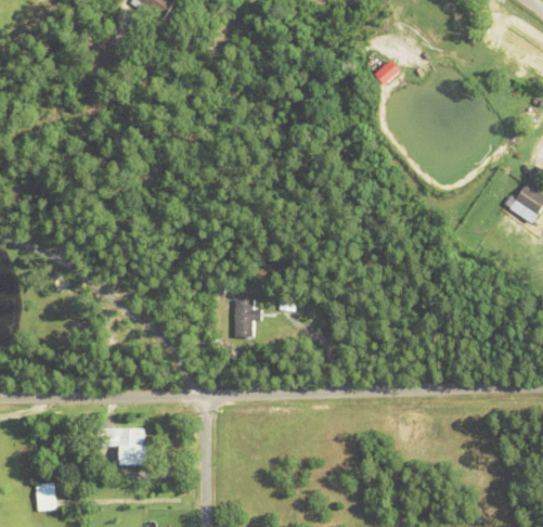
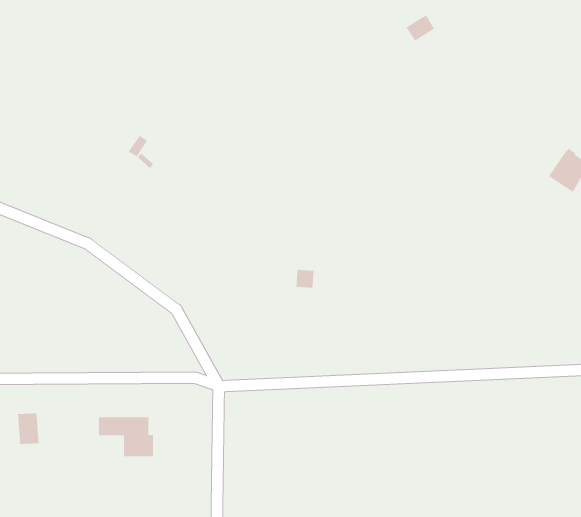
building: [233,298,259,336] -> none
building: [34,481,54,511] -> [17,413,39,445]

